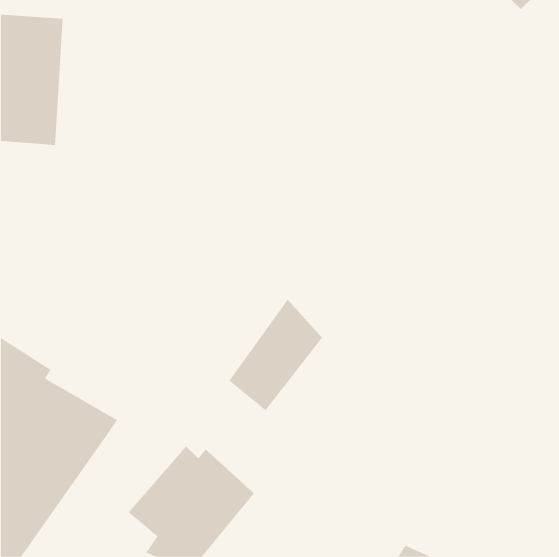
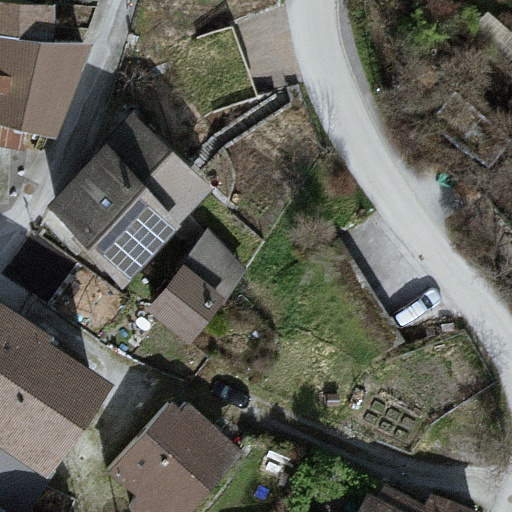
building: none -> [52,124,206,280]
building: [229,298,323,411] -> [155,233,241,336]

